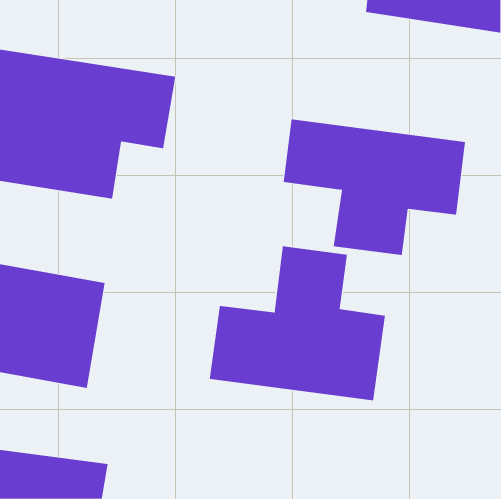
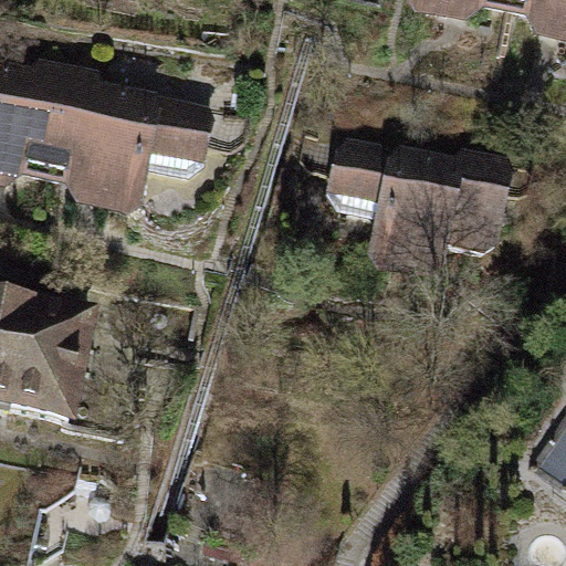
building: [209,246,385,401] -> none

